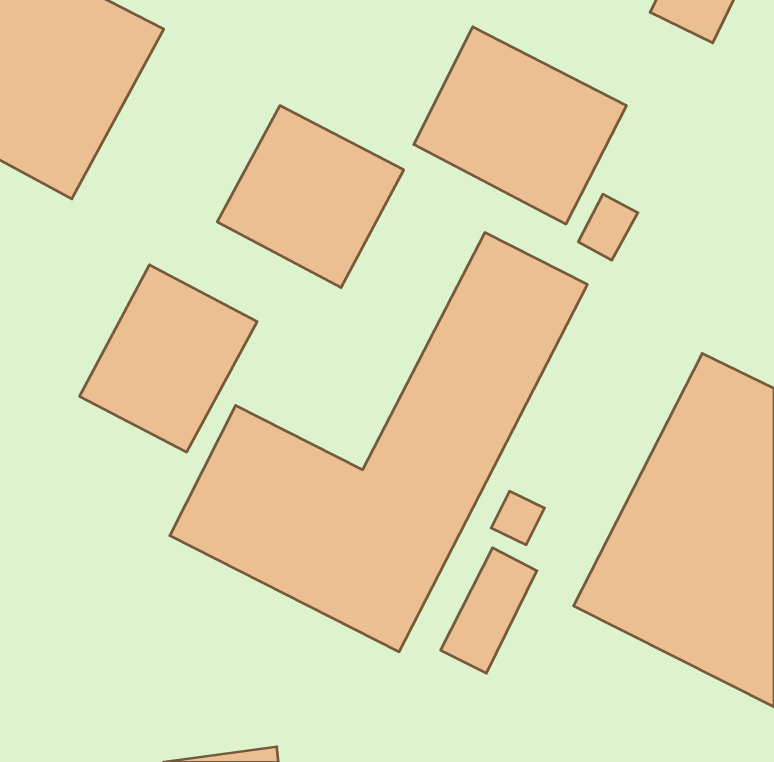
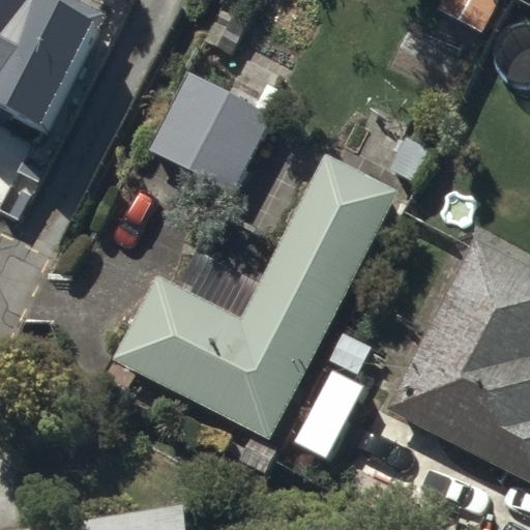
building: [414,27,626,224] -> none
building: [80,265,257,452] -> none

